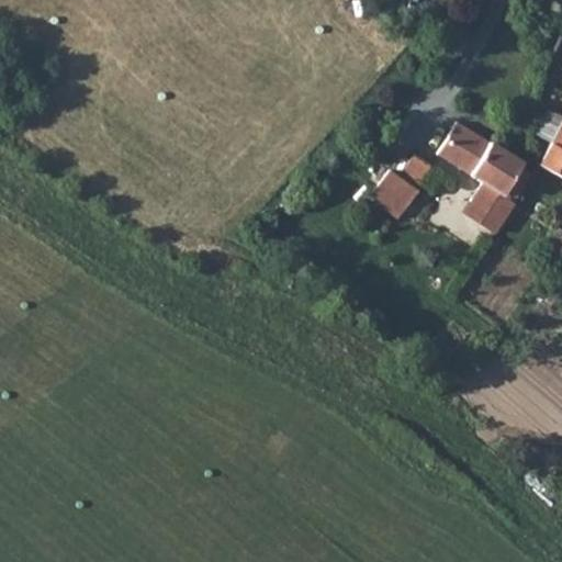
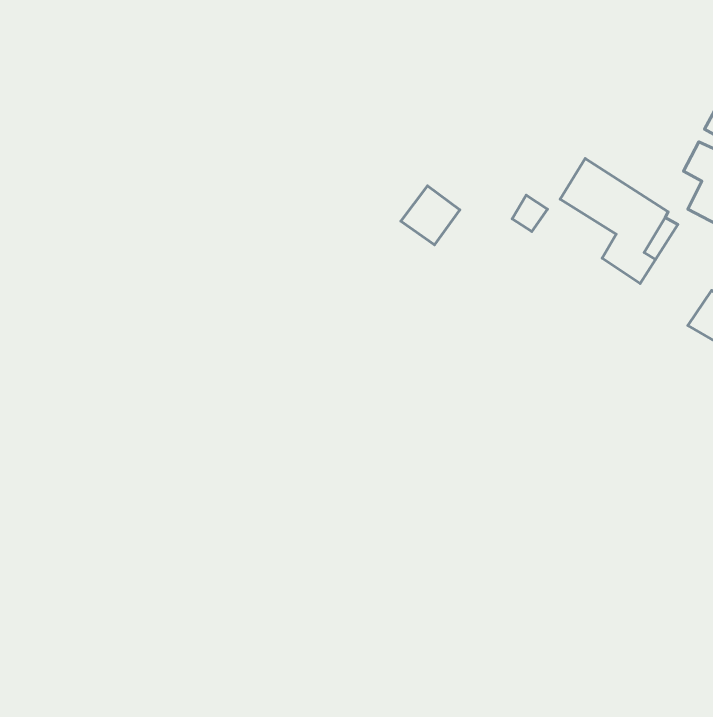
building: [372,171,418,217] -> [401,186,460,245]

